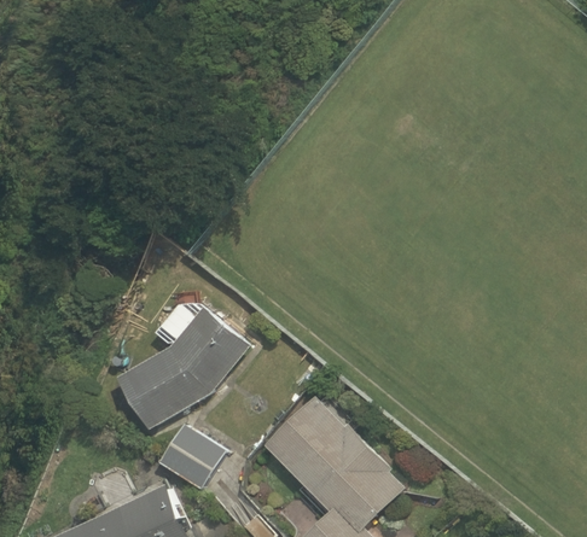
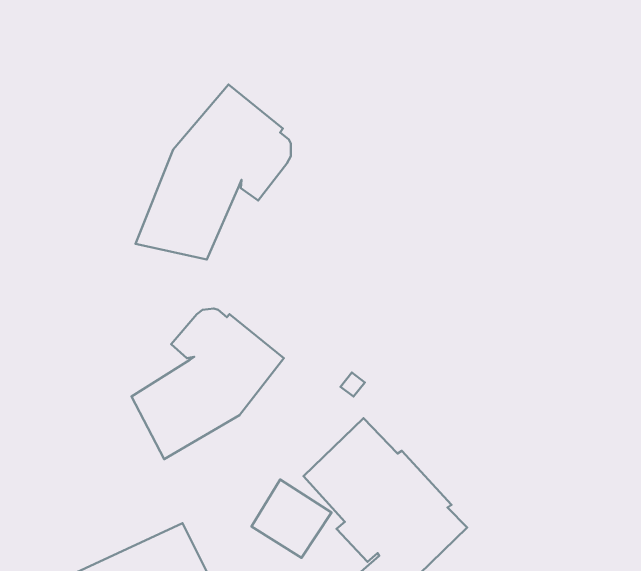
building: none -> [136,84,291,259]
building: [157,422,225,489] -> [252,480,331,558]

